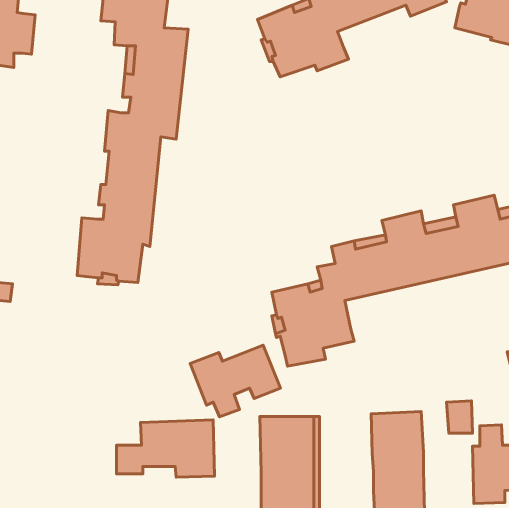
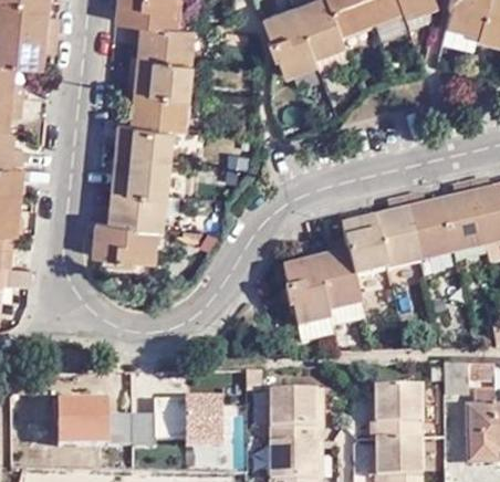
building: [190,345,281,417] -> none
building: none -> [56,391,108,441]

